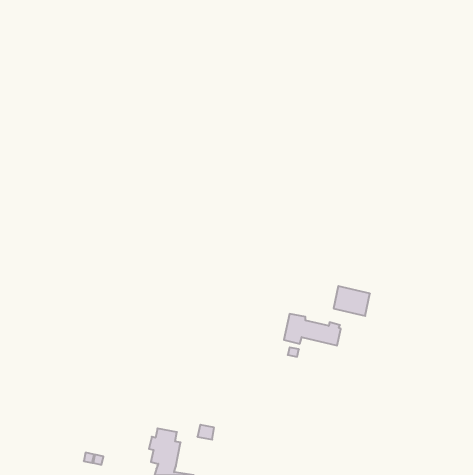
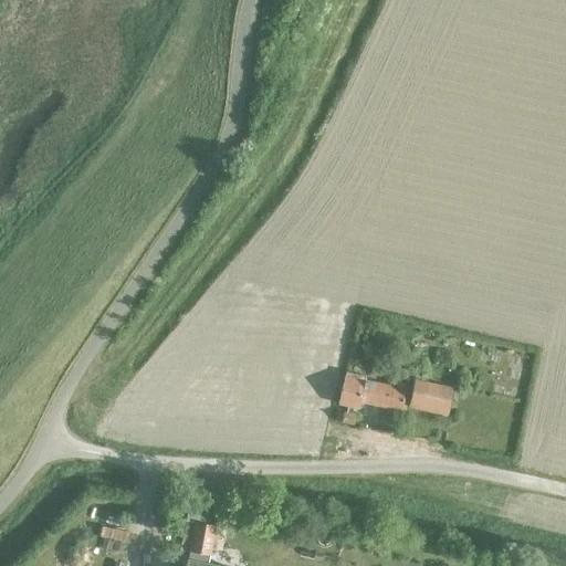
building: [334,286,370,316] -> [411,380,454,416]

